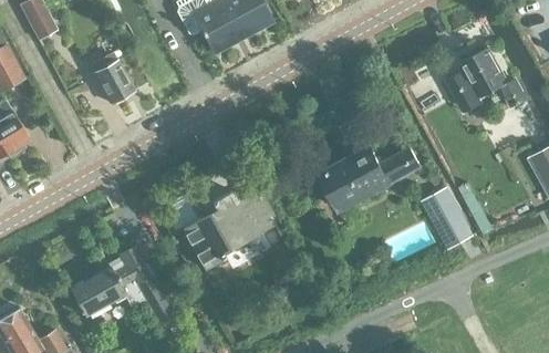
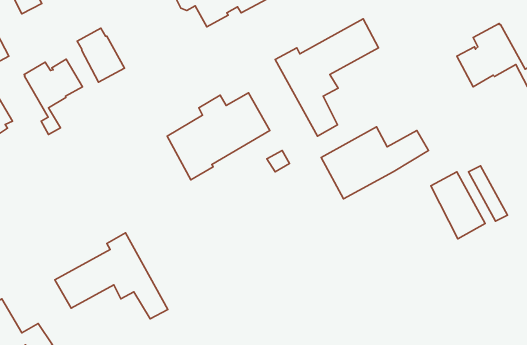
building: none -> [275,19,378,136]
building: none -> [24,59,83,134]
building: [182,187,278,269] -> [167,93,270,180]

